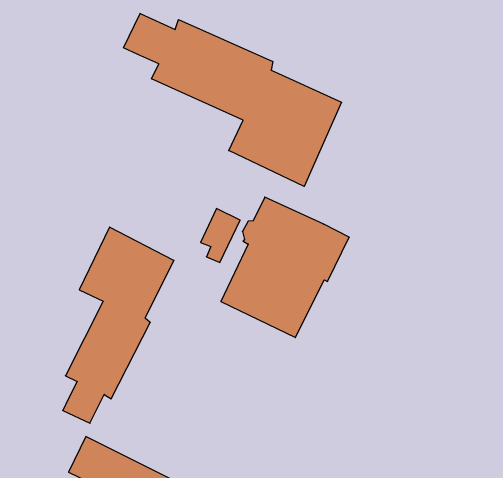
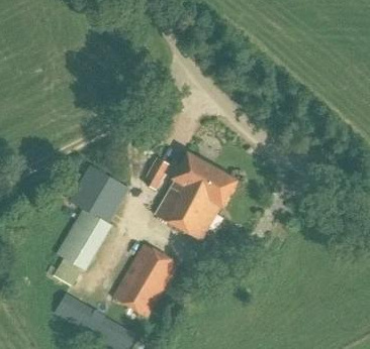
building: [124,13,342,186] -> none
building: none -> [113,244,178,317]

